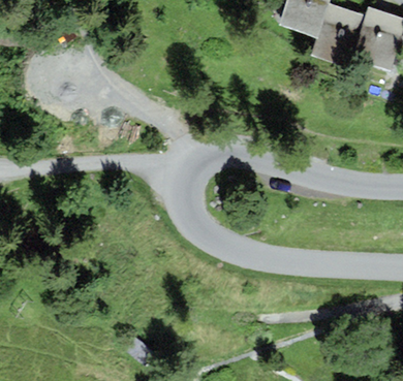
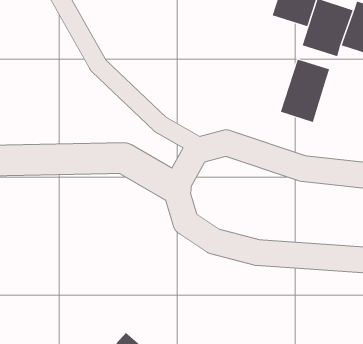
building: none -> [280,59,330,123]

